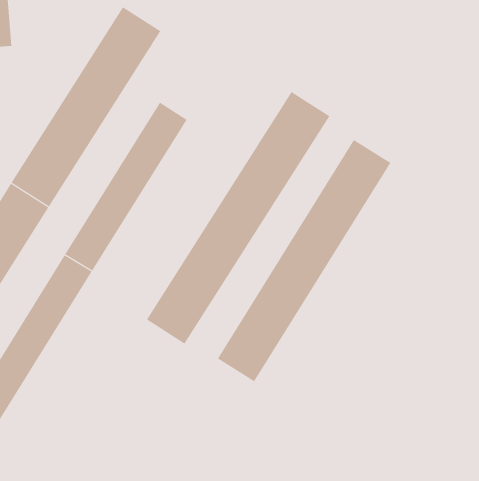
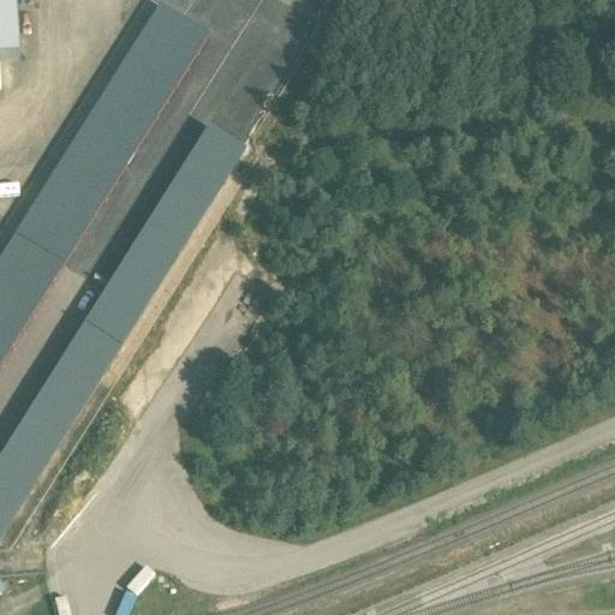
building: [146,91,330,344] -> none
building: [217,139,391,382] -> none

